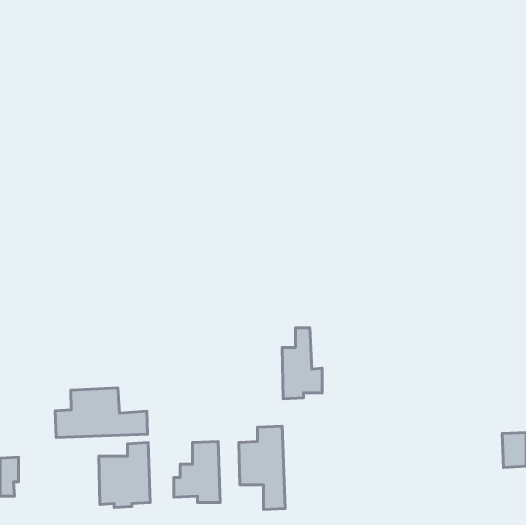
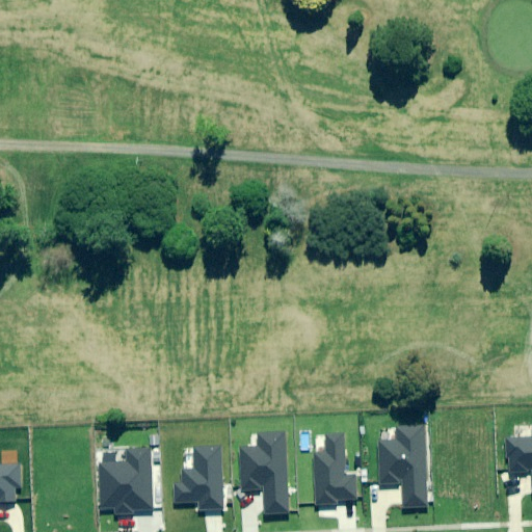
building: [282,328,322,399] -> [315,432,355,504]
building: [55,388,147,437] -> none
building: none -> [380,426,426,506]

